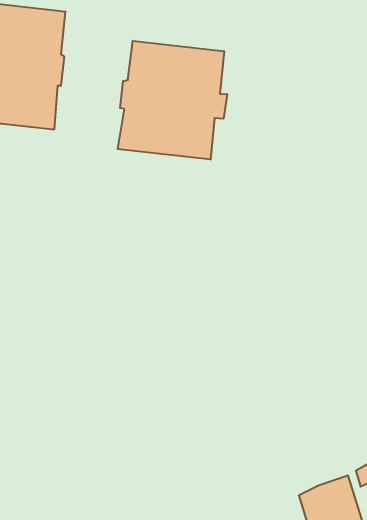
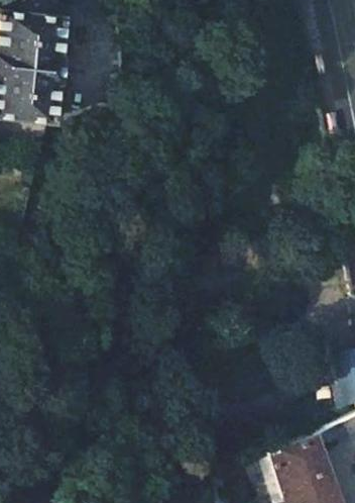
building: [118,41,227,160] -> none

